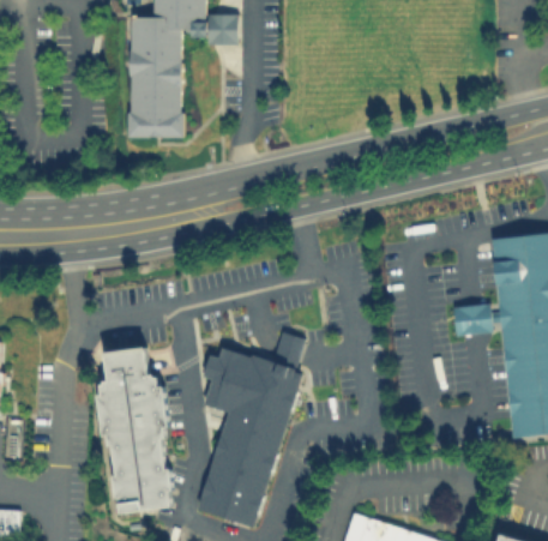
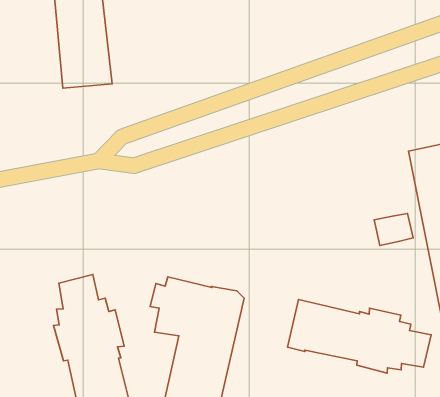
building: [269,331,306,369] -> none
building: none -> [288,299,431,373]

